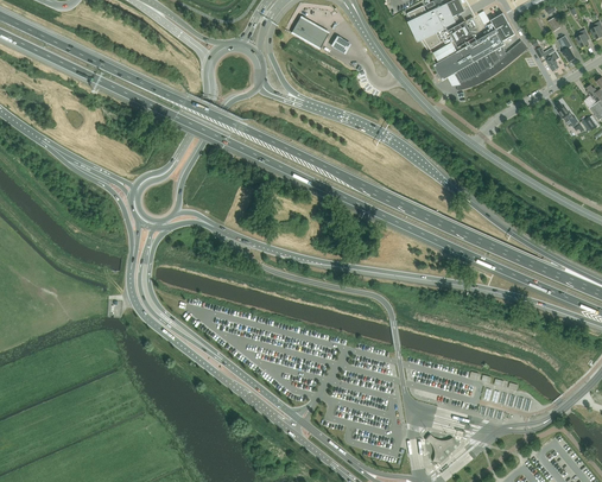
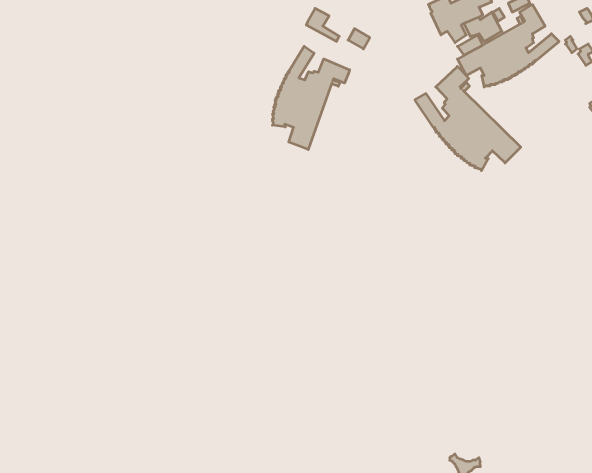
building: none -> [272,46,350,150]
building: none -> [415,66,521,171]

